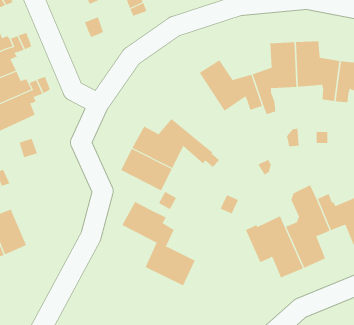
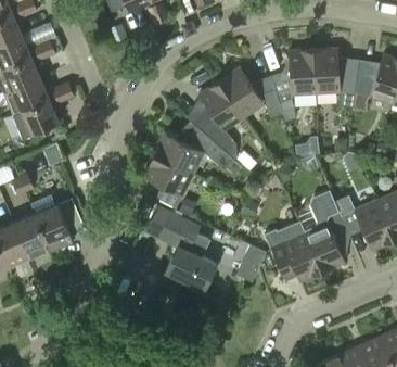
building: none -> [189,80,244,159]
building: none -> [35,197,88,250]
building: none -> [235,243,266,280]

